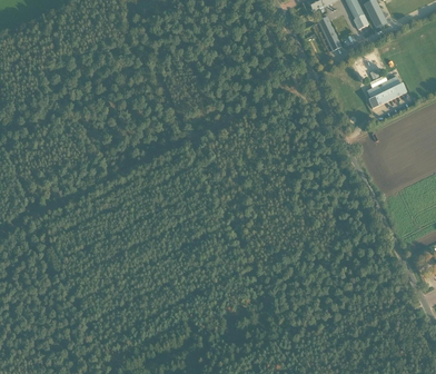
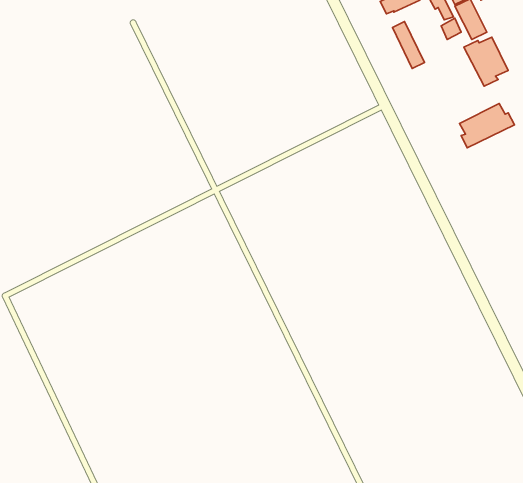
building: none -> [464,37,508,86]

